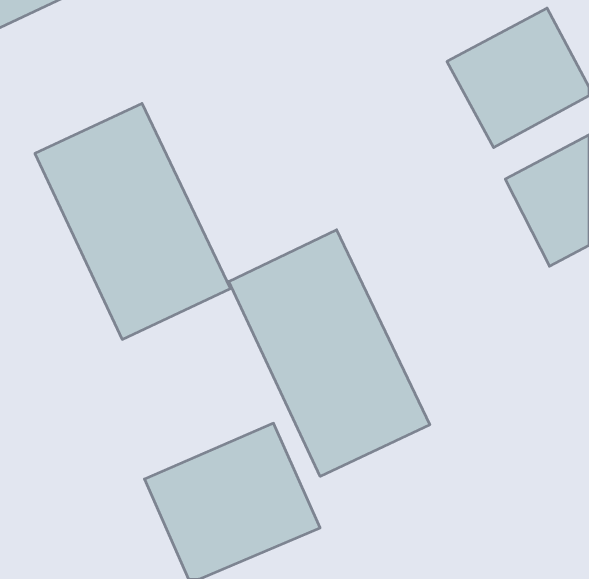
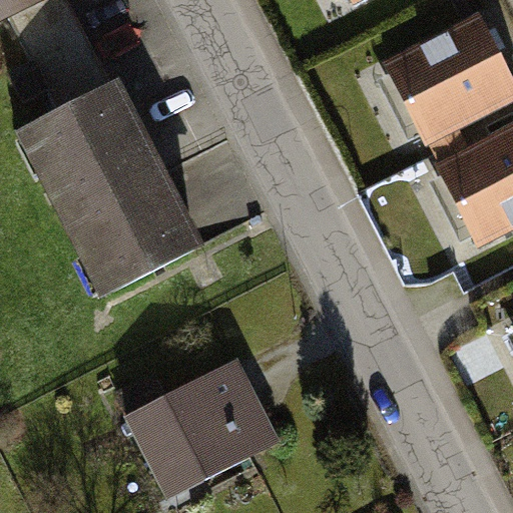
building: [229,230,430,476] -> none

